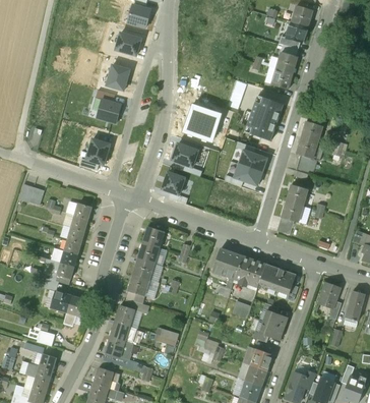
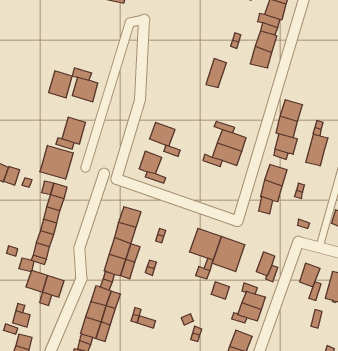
building: [114,31,140,55] -> none
building: [106,63,129,90] -> [49,71,72,98]
building: [247,97,284,140] -> none
building: [181,103,221,141] -> none
building: none -> [306,134,328,166]
building: none -> [40,145,73,179]
building: [259,264,285,290] -> none

